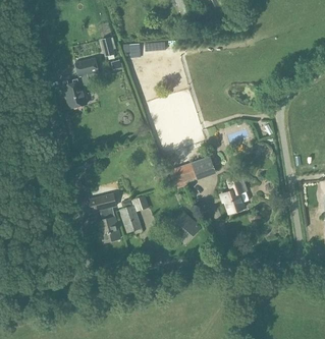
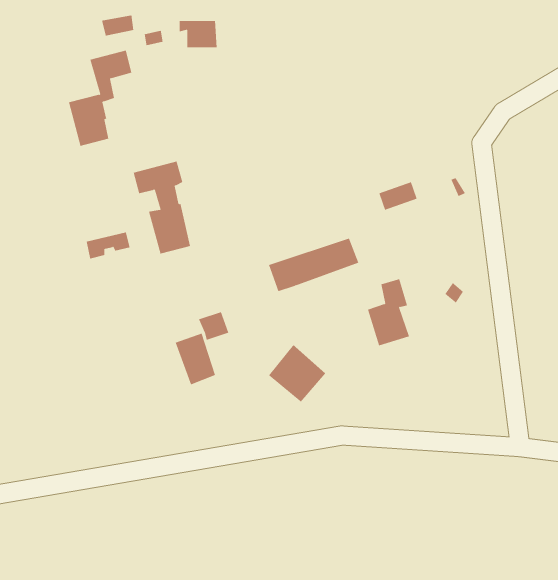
building: [91,193,121,242] -> [133,161,191,254]

